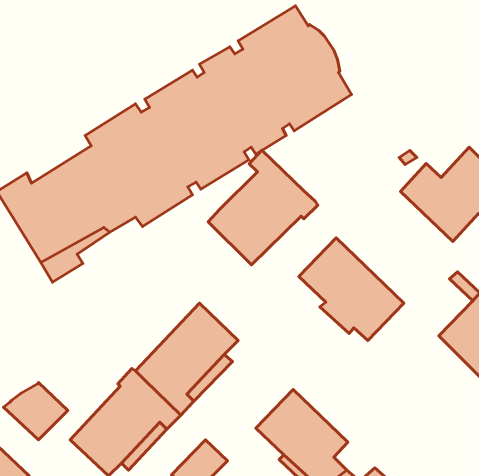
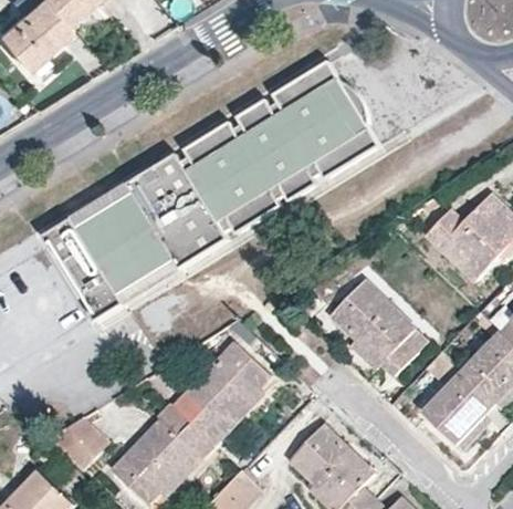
building: [208,150,318,265] -> none
building: none -> [422,364,494,450]

